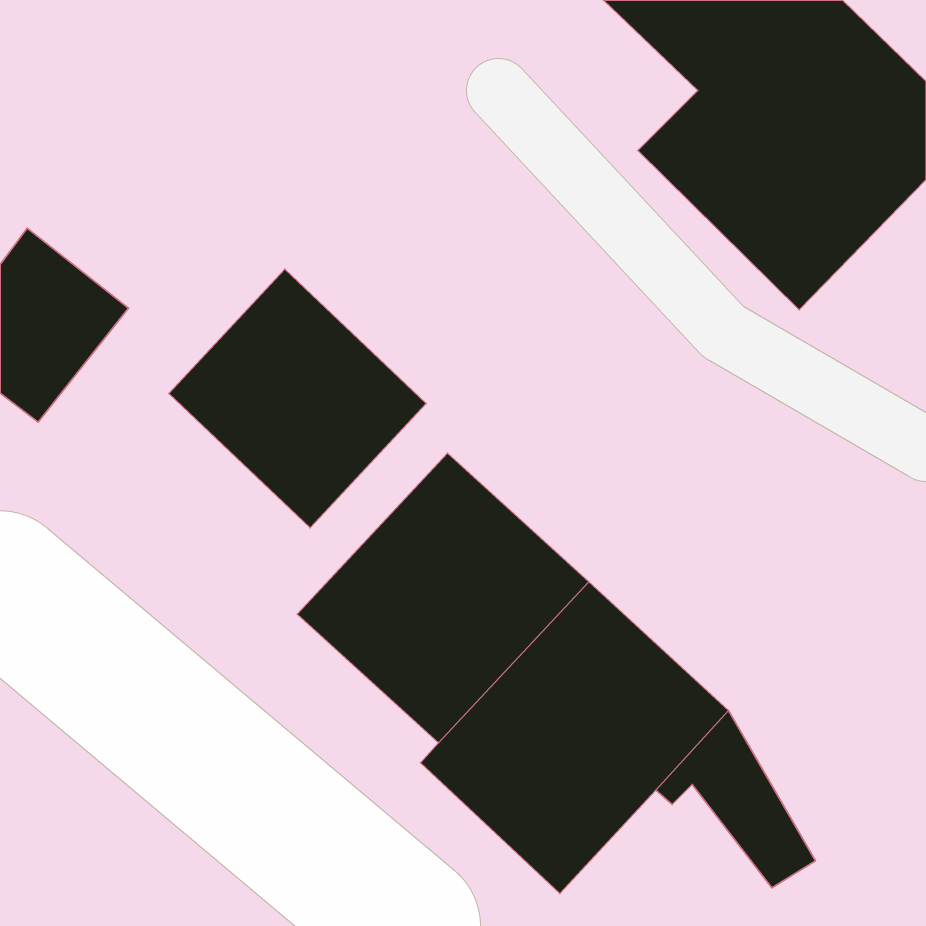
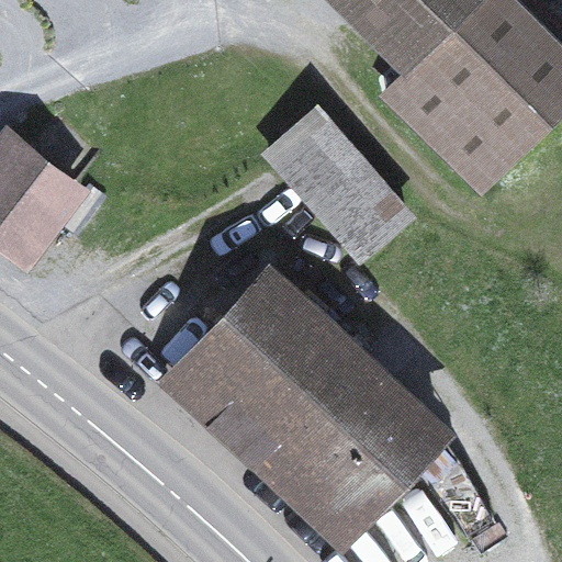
building: none -> [271,116,407,259]
building: [169,269,426,528] -> none

